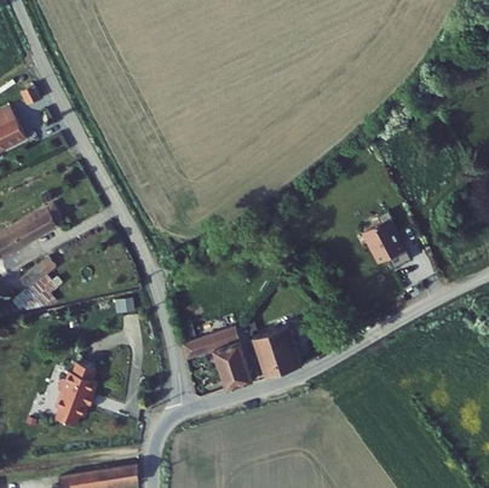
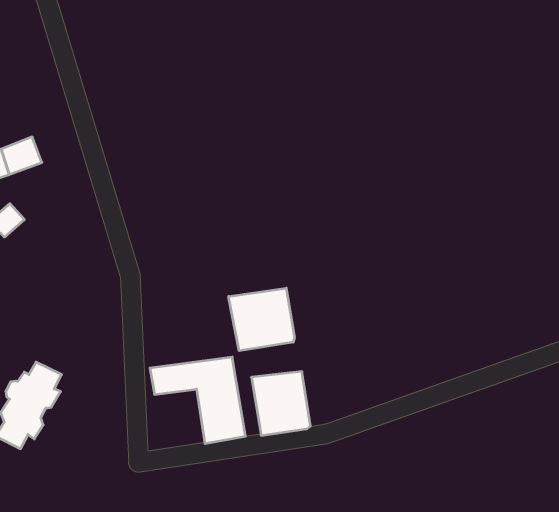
building: [358,216,409,266] -> none
building: none -> [229,288,295,351]

